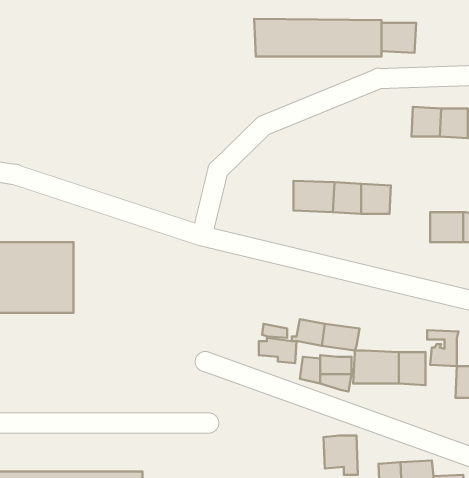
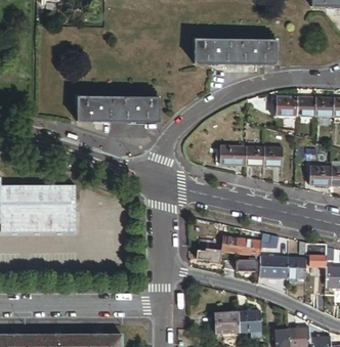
building: [382,23,416,53] -> [274,96,297,116]
building: none -> [77,96,159,121]
building: none -> [217,311,240,333]

